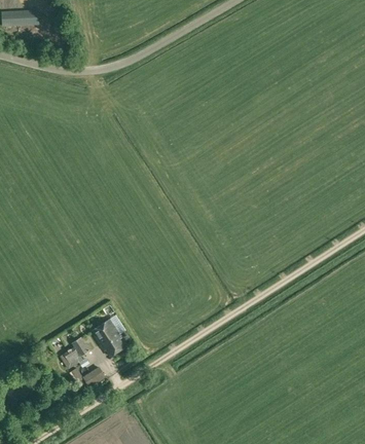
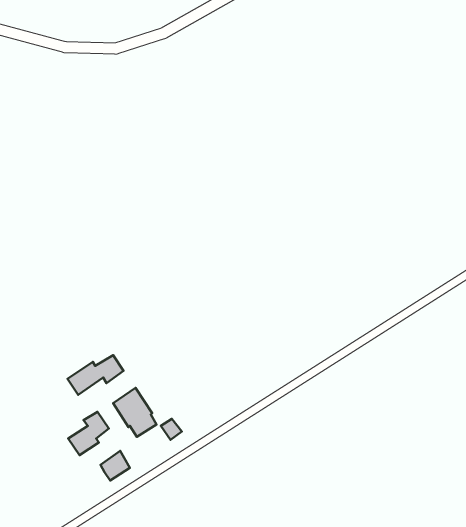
building: none -> [68,355,124,395]

